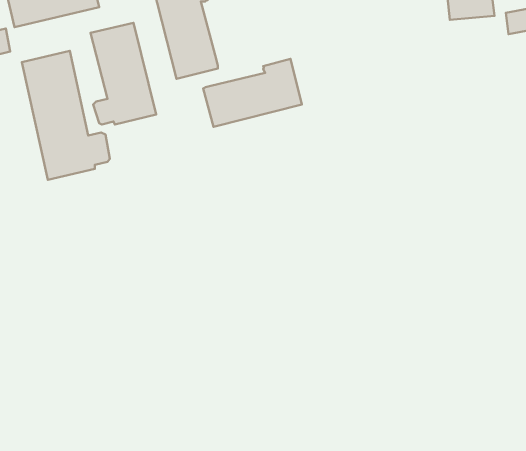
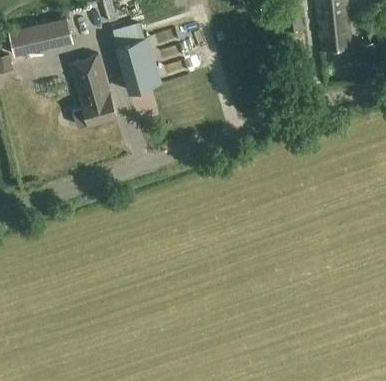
building: [22,51,110,180] -> none
building: [203,59,302,127] -> none

